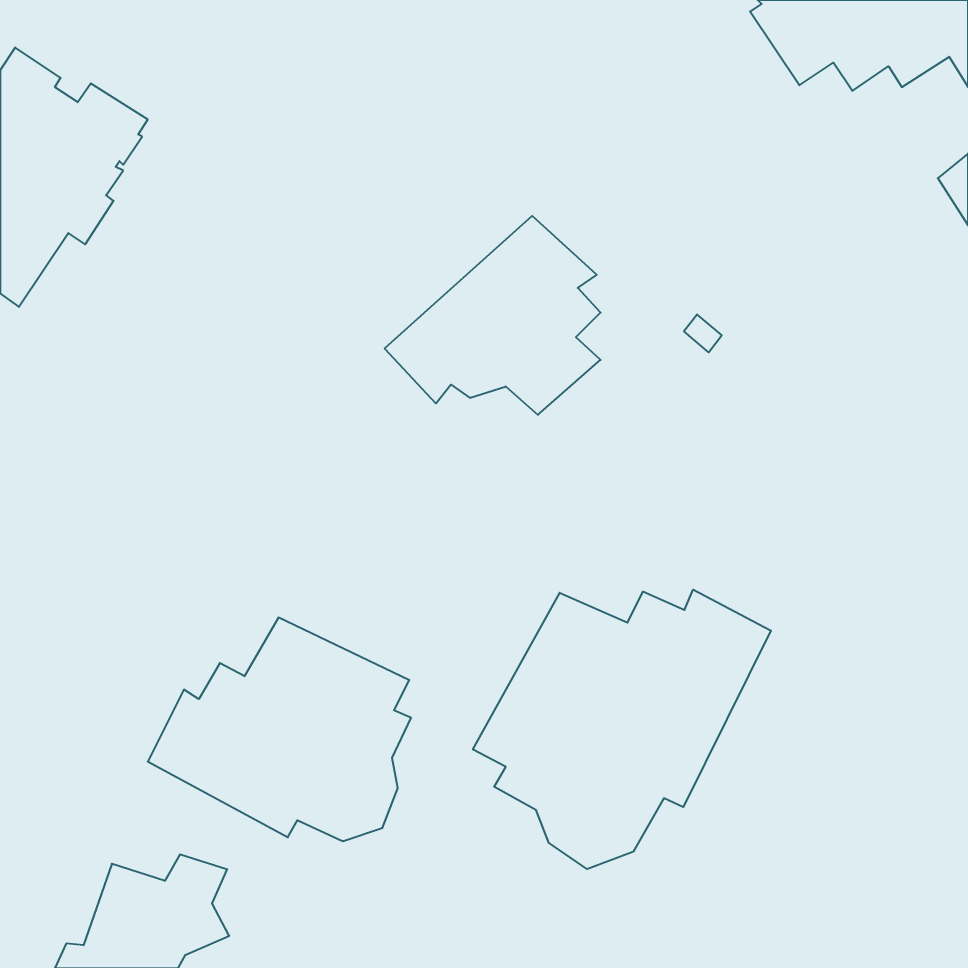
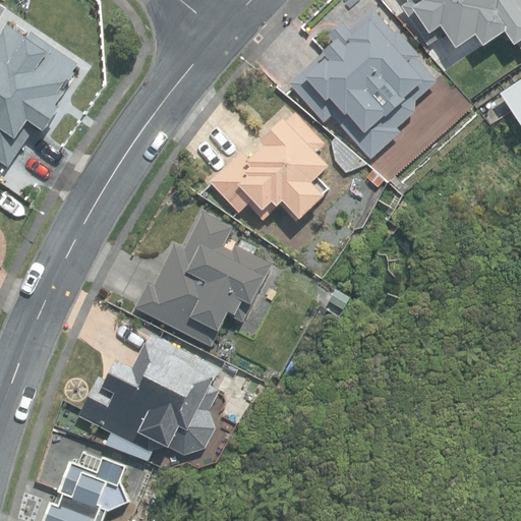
building: none -> [289,10,437,160]
building: none -> [132,212,260,354]
building: [473,590,771,869] -> none

